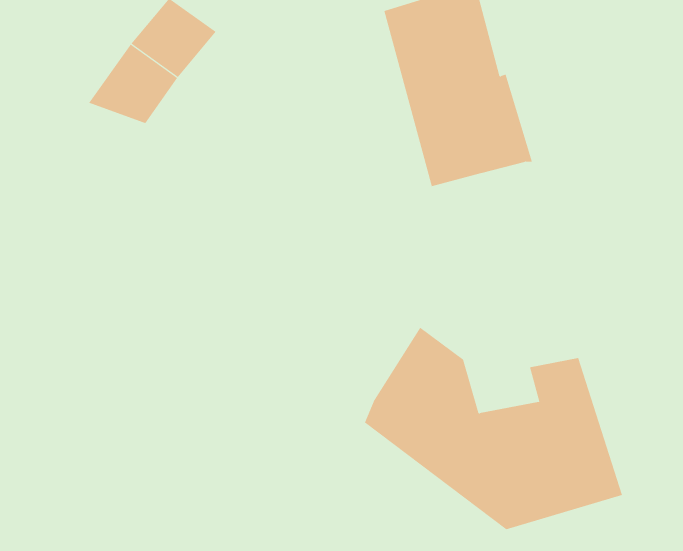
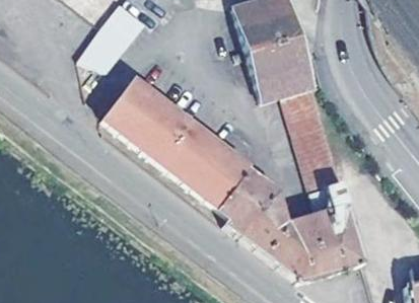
building: none -> [102,82,253,214]
building: none -> [285,88,337,197]

